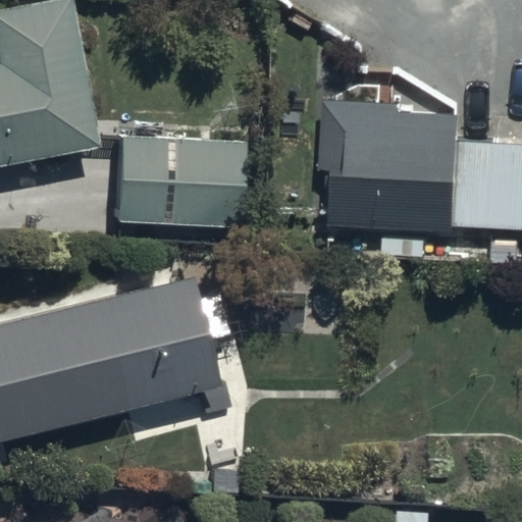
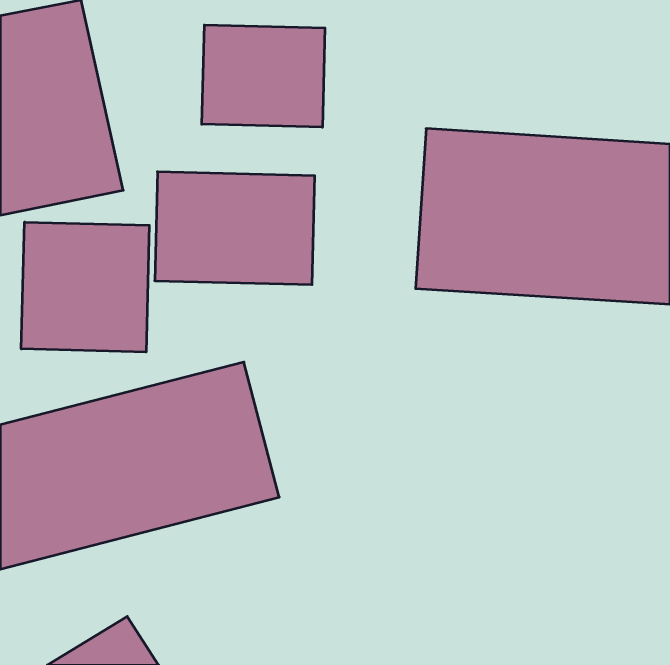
building: none -> [202,25,325,127]
building: none -> [21,222,149,352]

